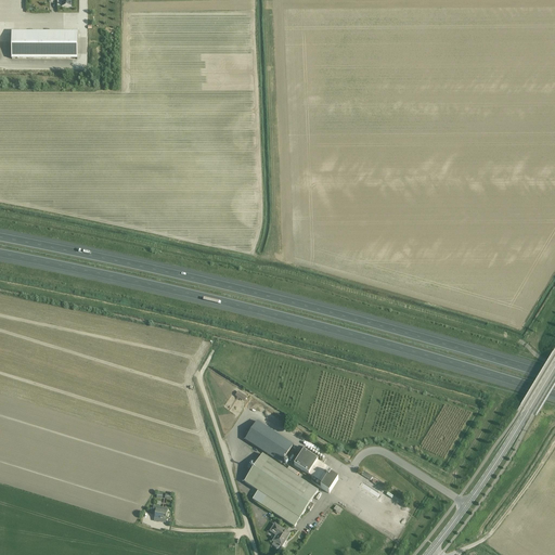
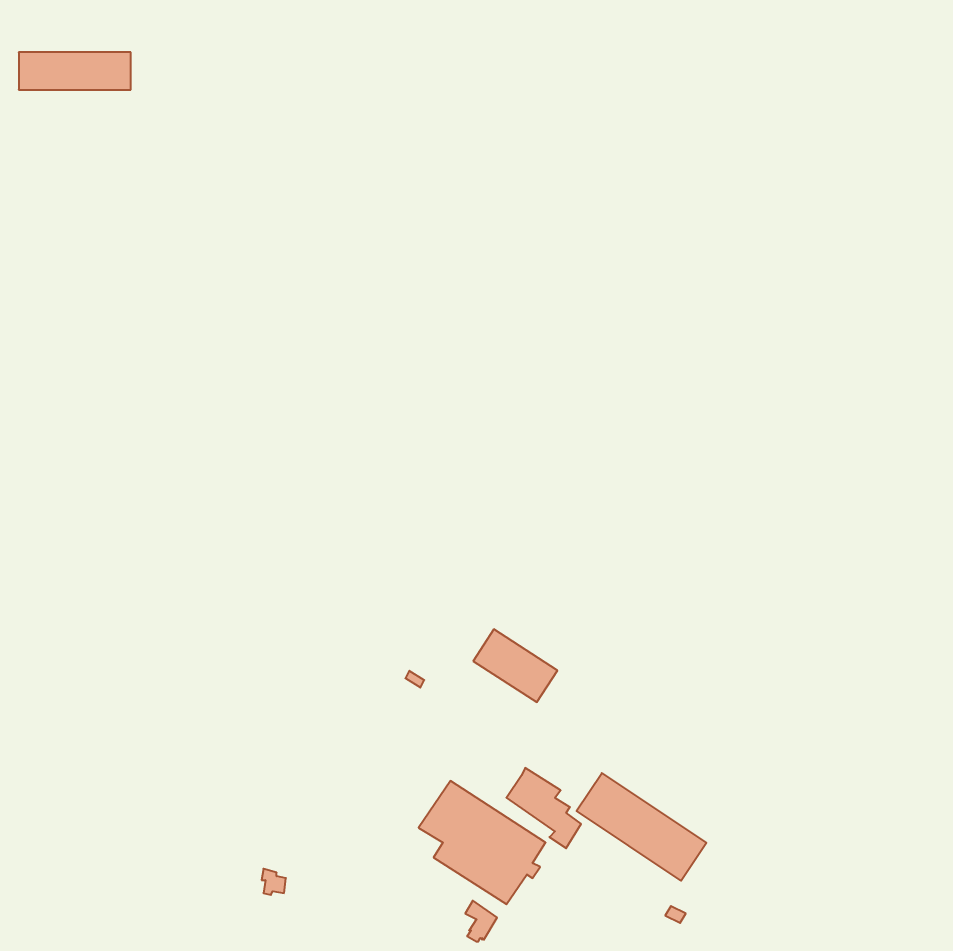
building: [244,420,293,462] -> [473,629,557,702]
building: none -> [577,773,706,881]

